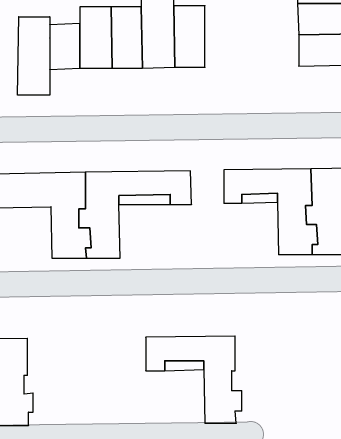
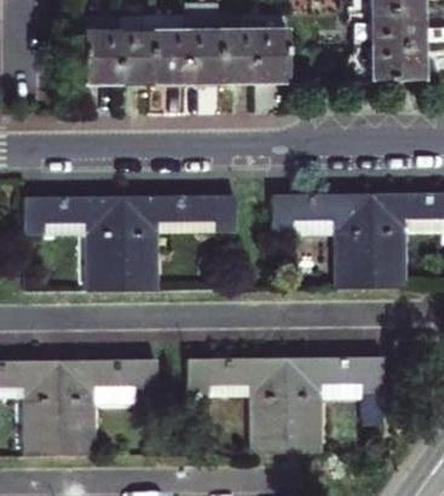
building: none -> [253,13,287,80]
building: [18,17,50,95] -> none
building: none -> [282,370,384,466]
building: none -> [57,373,158,468]

